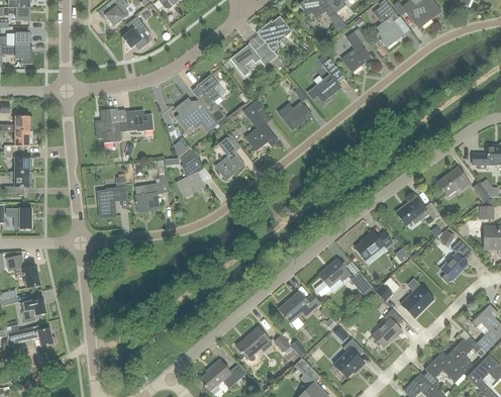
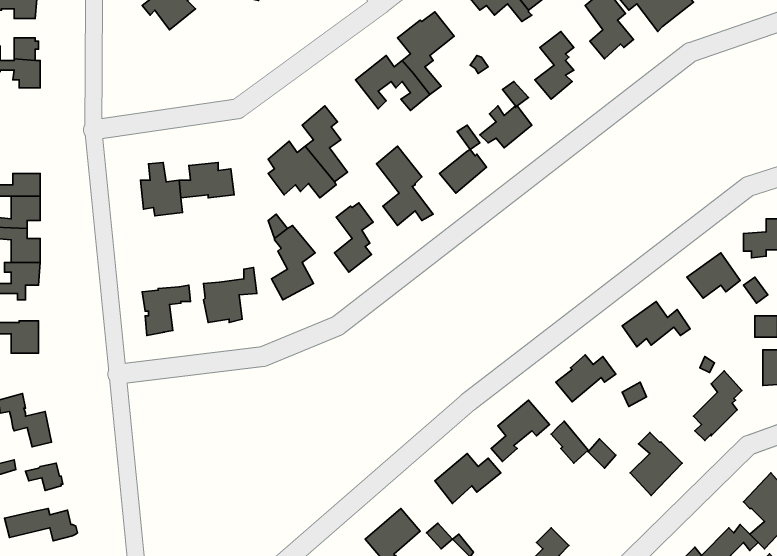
building: [121,15,148,49] -> none
building: [372,308,402,346] -> none

